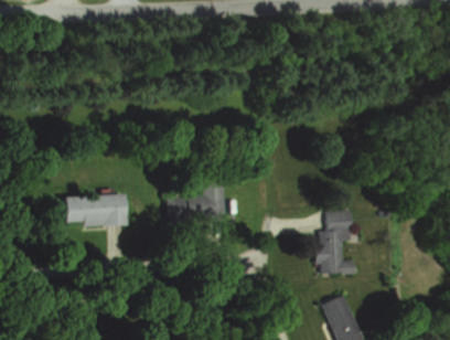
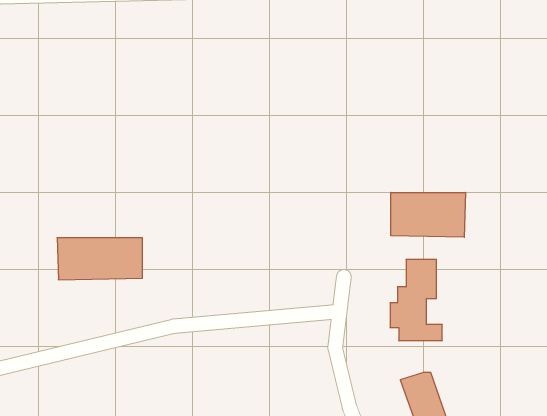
building: none -> [391,192,465,237]
building: [167,179,226,224] -> none

